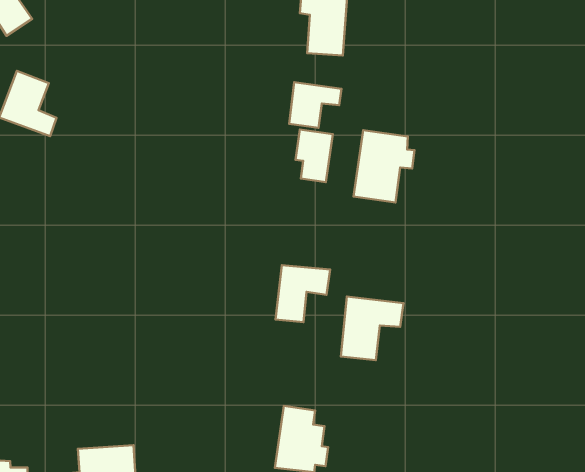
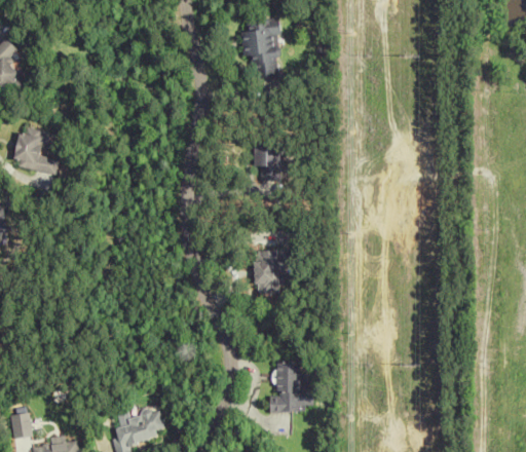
building: [289,82,342,128] -> none
building: [354,130,415,202] -> none
building: [341,297,403,360] -> none

